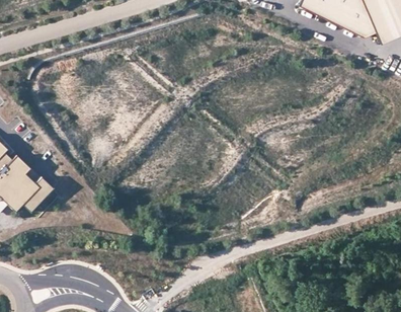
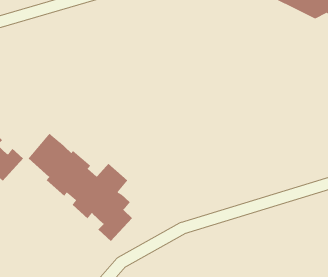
building: none -> [28,133,133,242]

